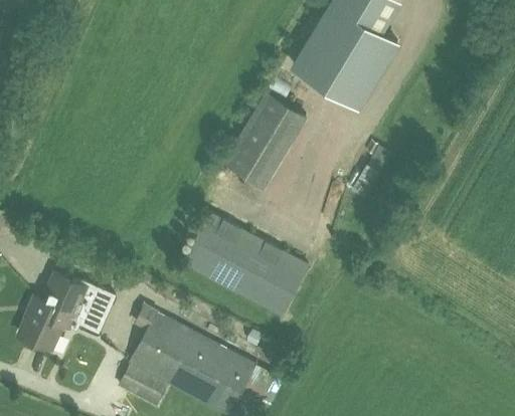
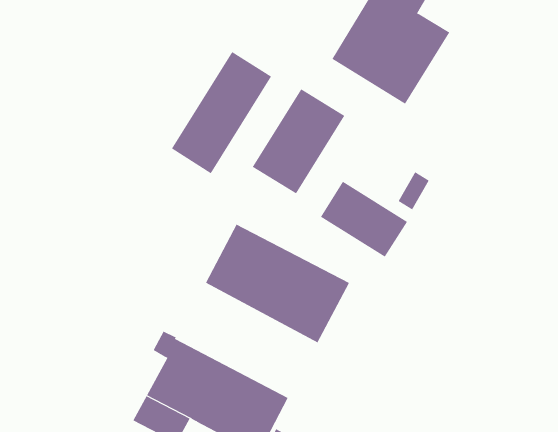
building: none -> [171,51,272,174]
building: none -> [320,181,408,257]
building: [20,272,116,350] -> none

